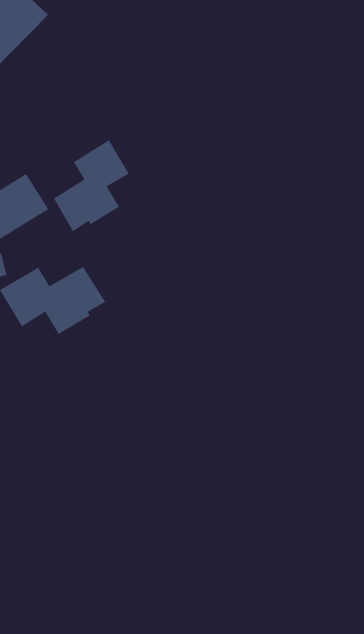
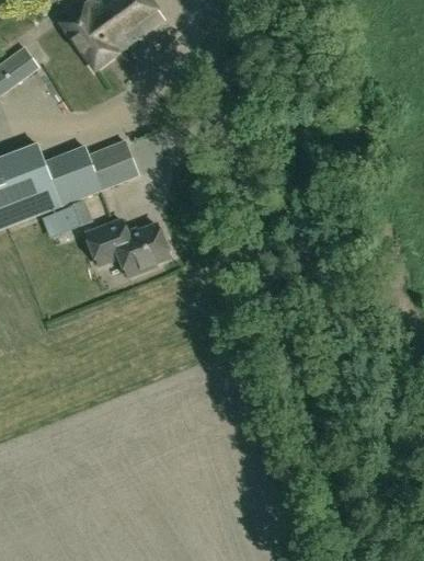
building: [53,139,130,232] -> none

